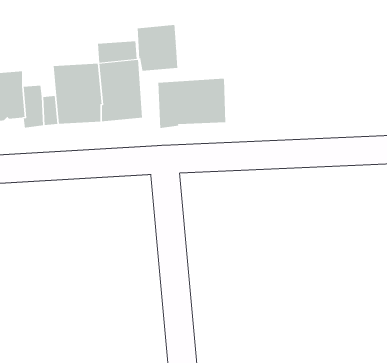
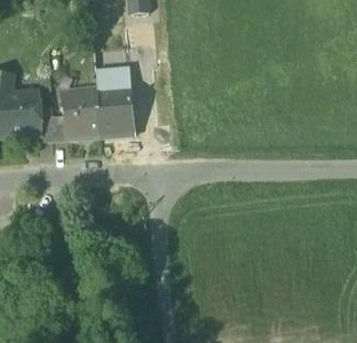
building: [137,24,178,72] -> none
building: [158,78,226,129] -> none

